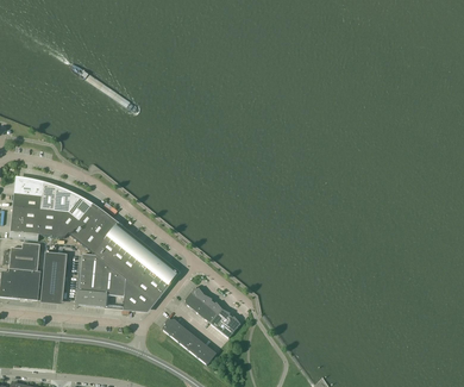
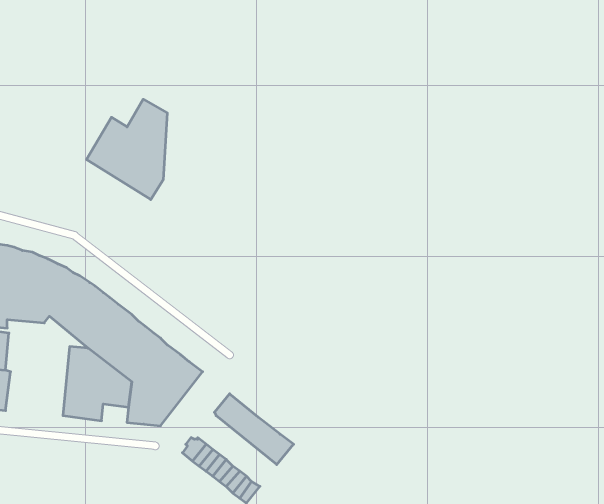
building: none -> [87,99,167,200]
building: [40,251,67,301] -> none

